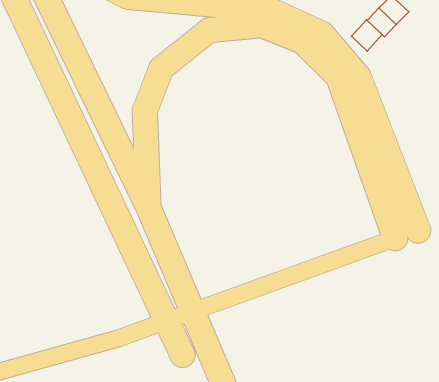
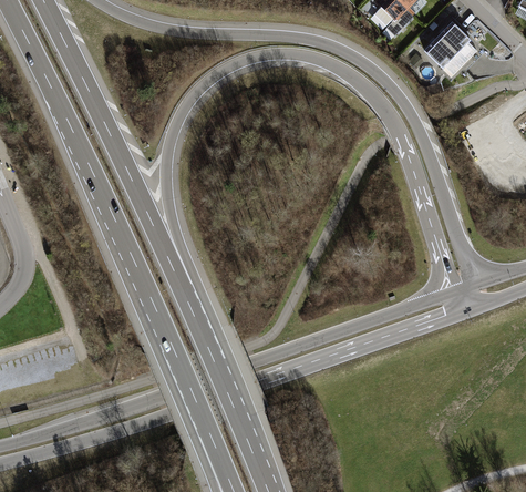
building: [351,20,382,51] -> none

